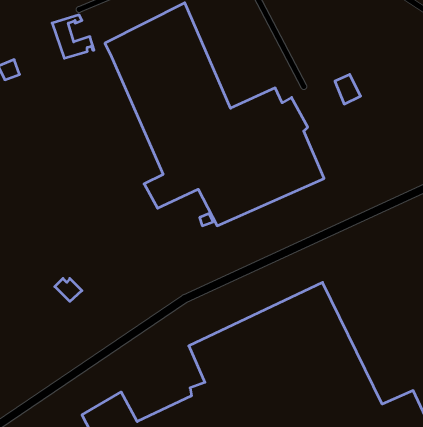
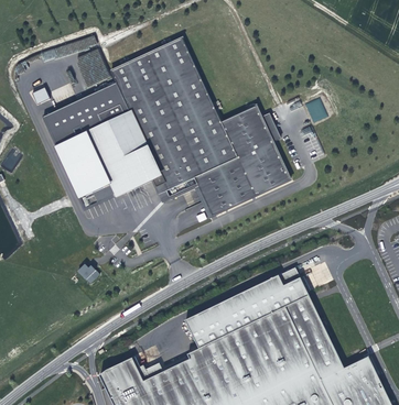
building: none -> [43,83,163,201]

